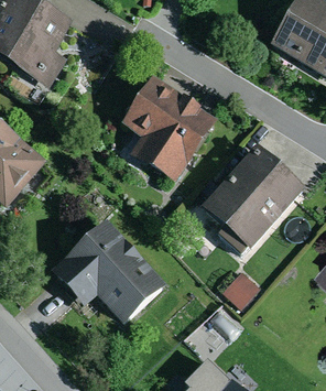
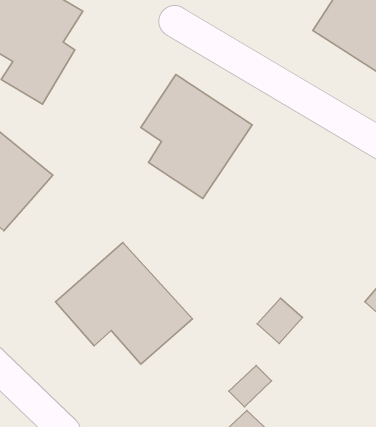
building: [202,144,305,249] -> none

